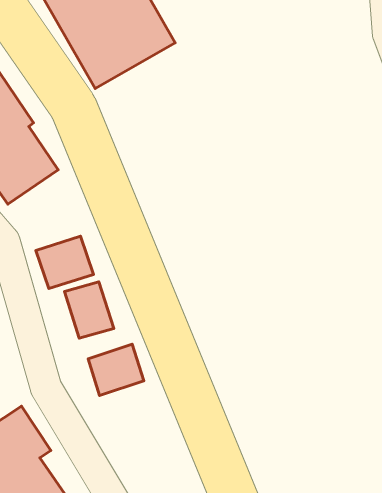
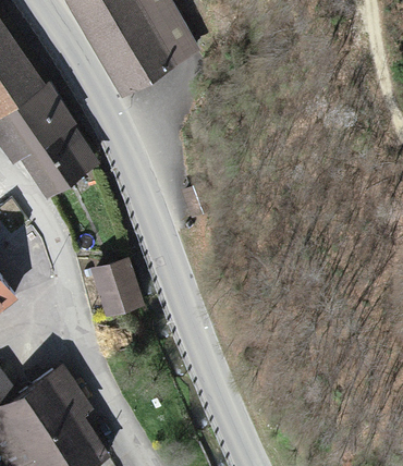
building: [36,236,93,288] -> none
building: [88,344,144,396] -> none

